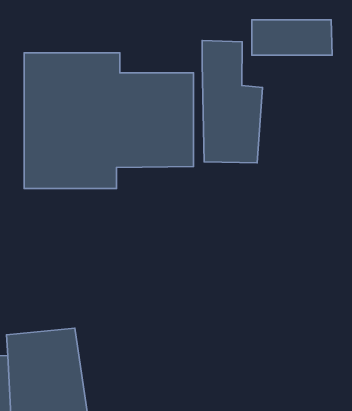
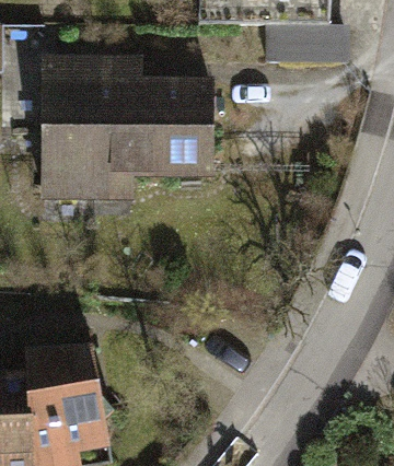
building: [202,41,263,163] -> none

